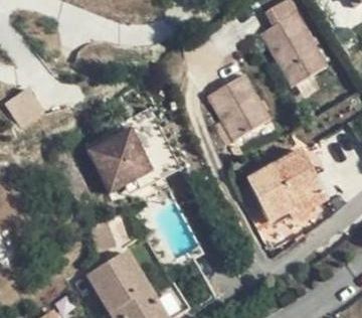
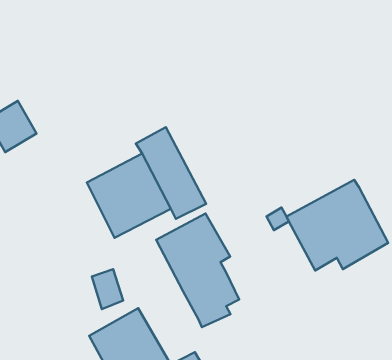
building: [258,13,325,88] -> none
building: [210,72,274,140] -> none
building: none -> [156,213,239,327]

